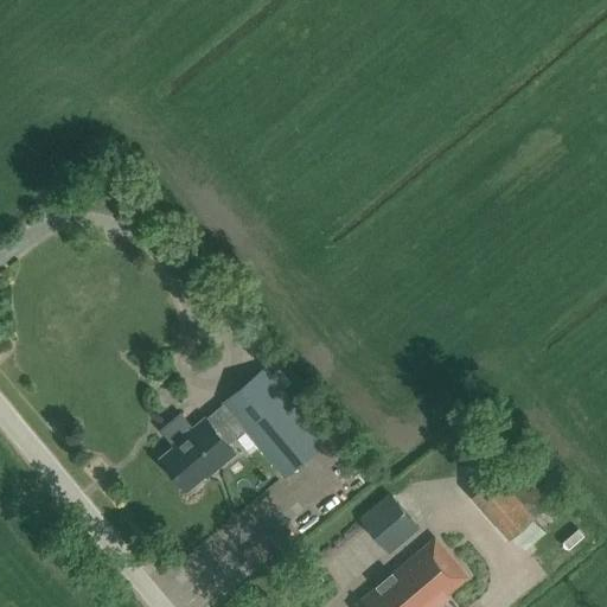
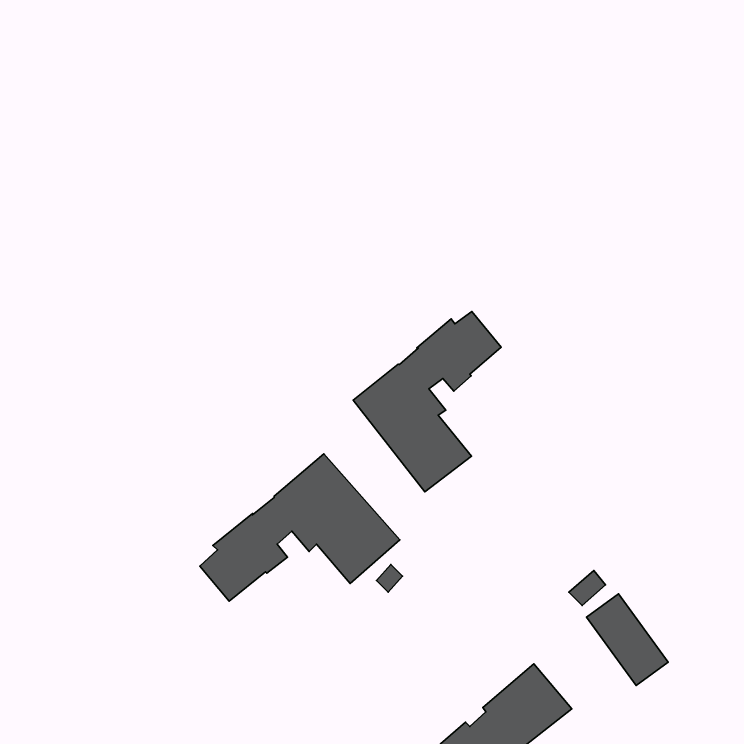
building: none -> [353,311,501,492]
building: [360,496,417,552] -> none

